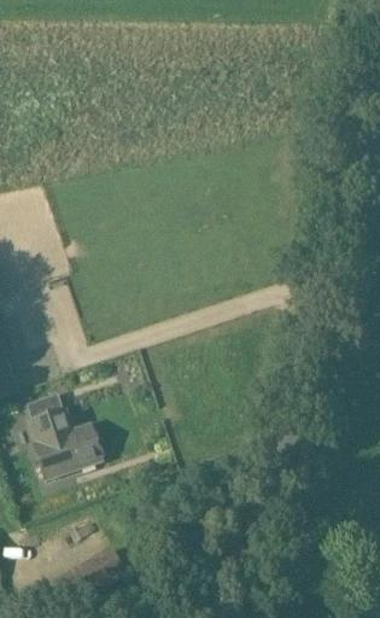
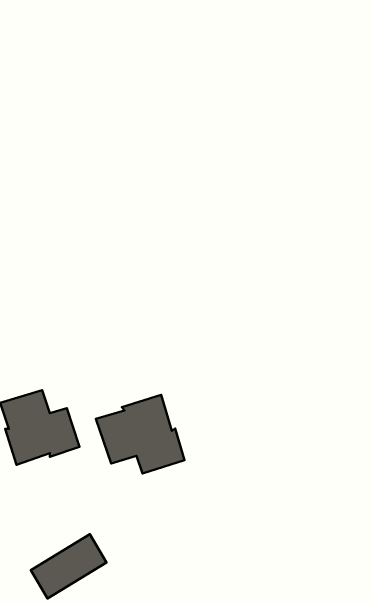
building: none -> [96,395,185,473]

